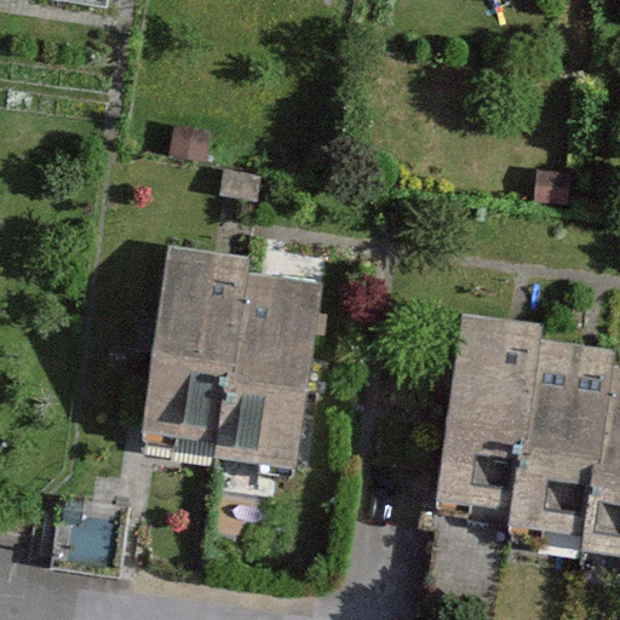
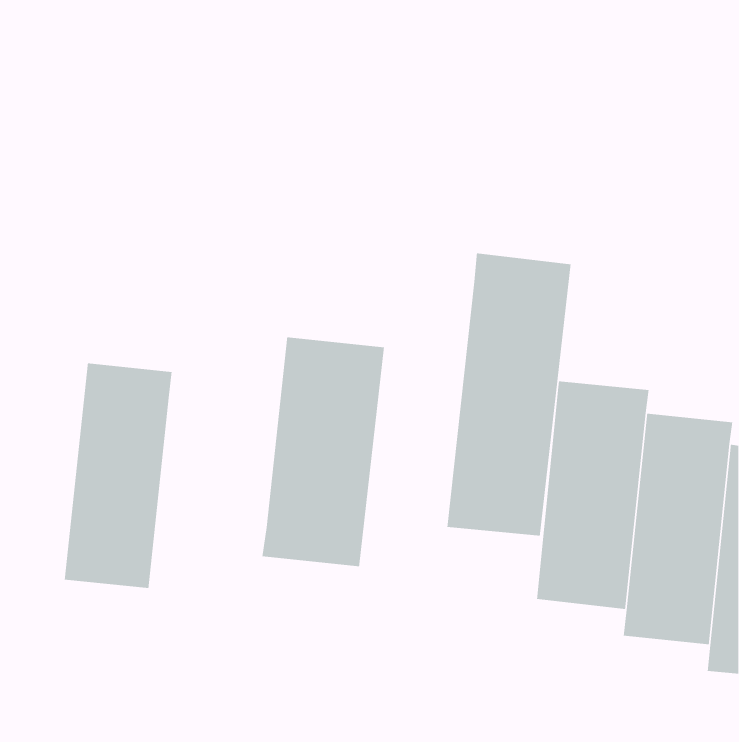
building: none -> [447,253,571,537]
building: [149,248,239,435] -> [64,363,173,589]

